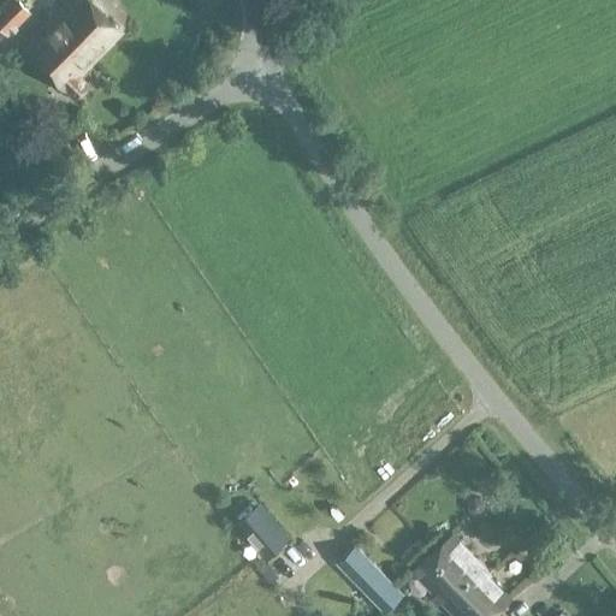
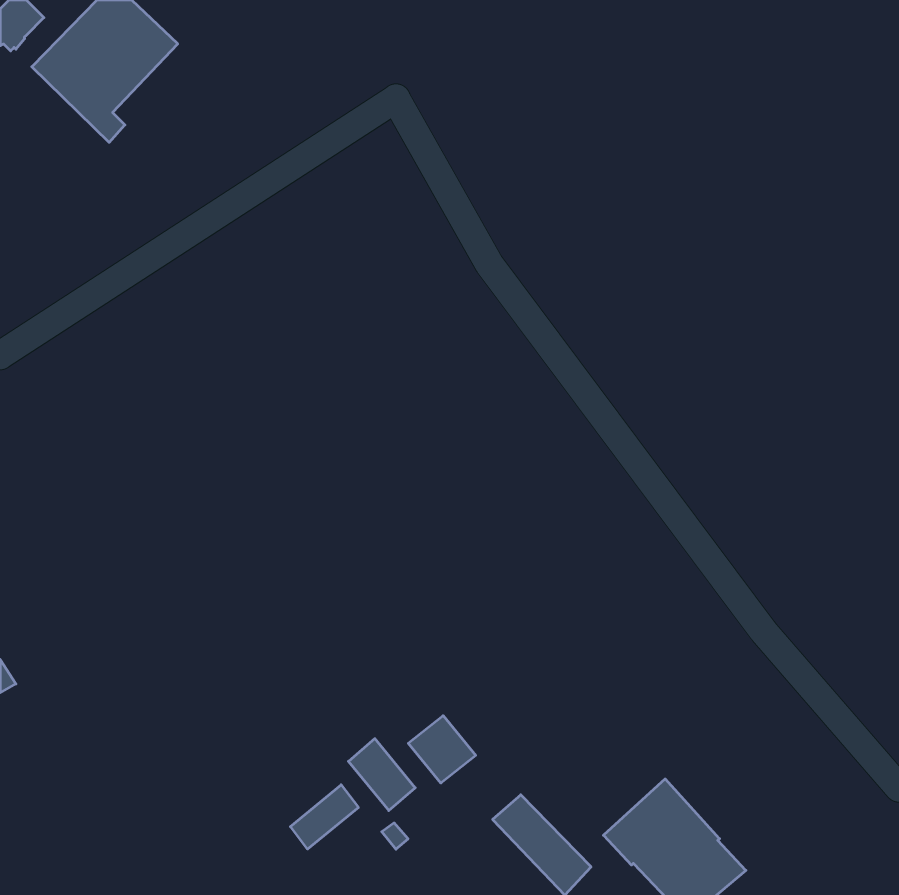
building: none -> [408,716,476,783]
building: none -> [290,785,358,849]

